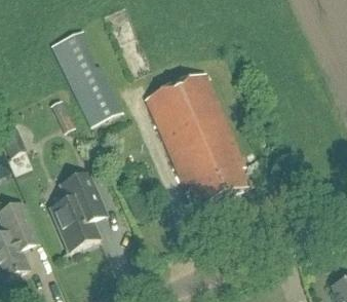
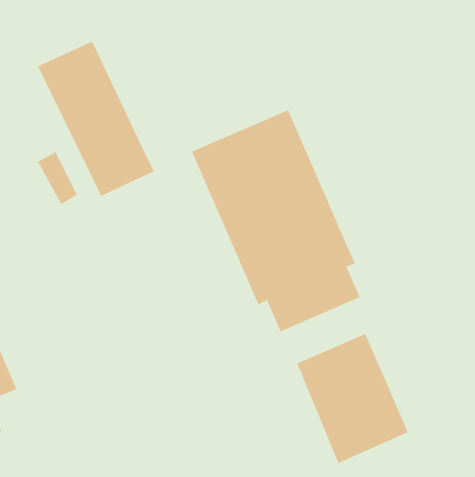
building: [50,172,103,251] -> none
building: none -> [296,333,409,464]

